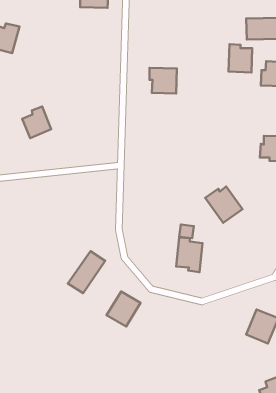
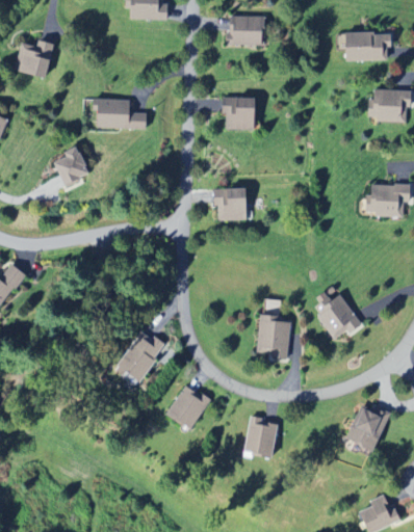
building: none -> [224,15,264,45]
building: [228,44,252,72] -> none
building: none -> [97,99,150,129]
building: none -> [215,188,249,220]
building: [205,186,242,223] -> [313,294,361,341]
building: none -> [240,419,277,456]

